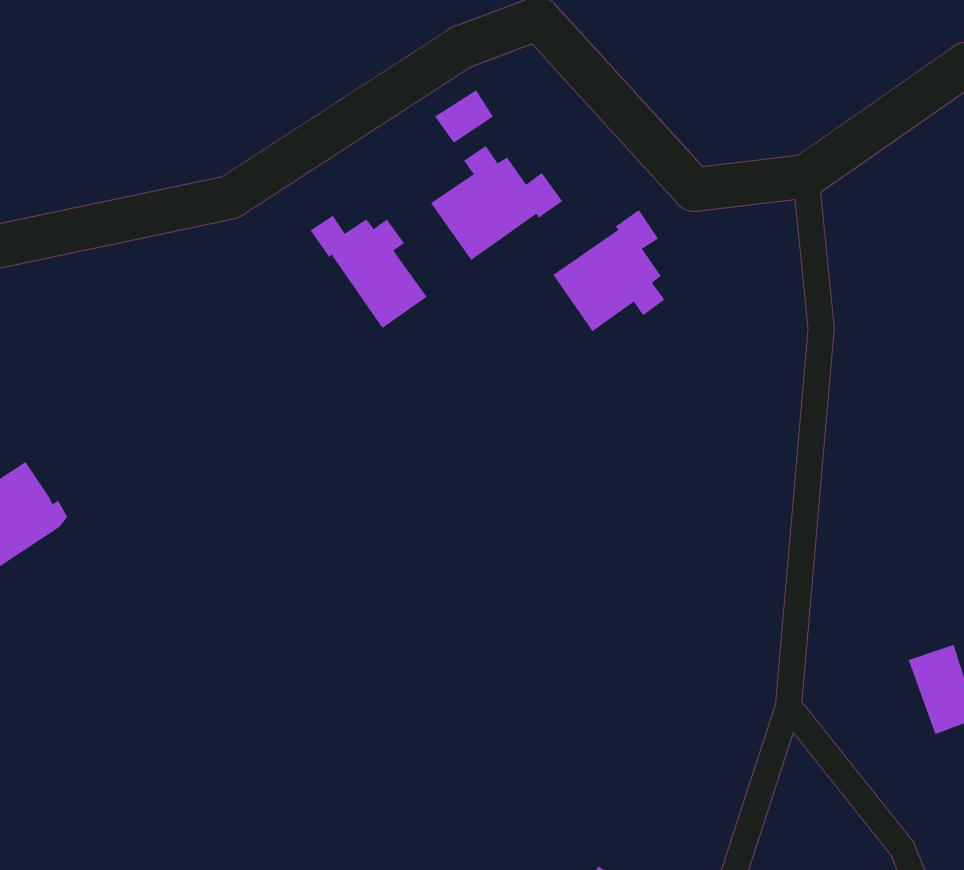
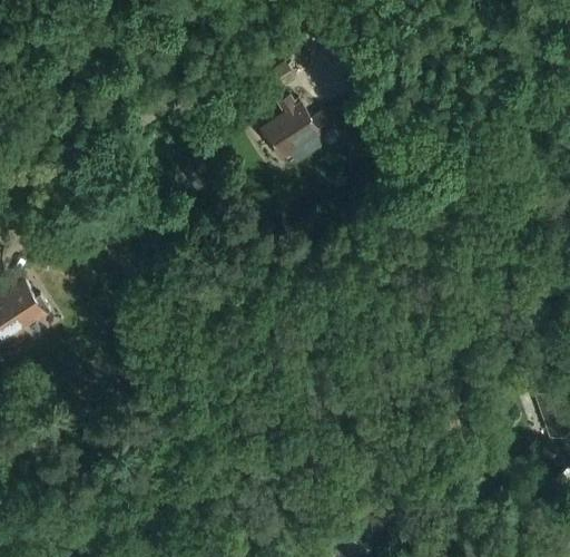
building: [552,209,665,332] -> none
building: [310,215,427,329] -> none

